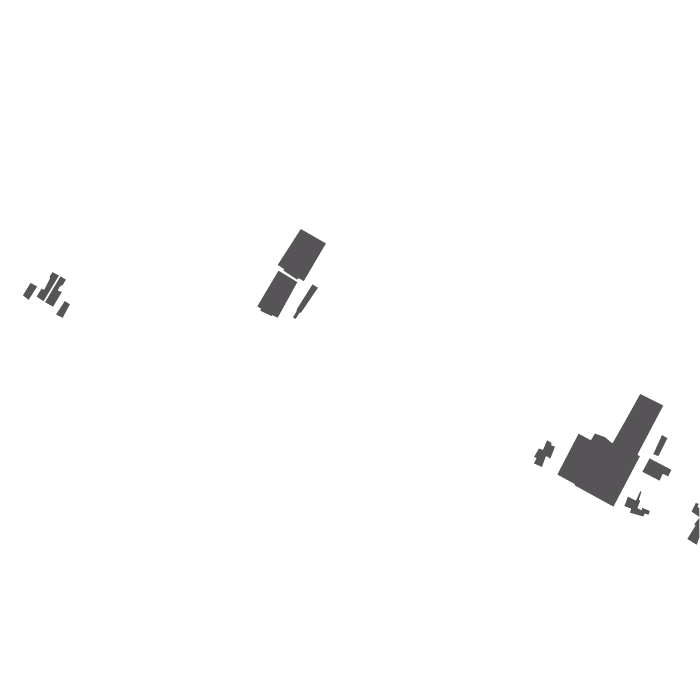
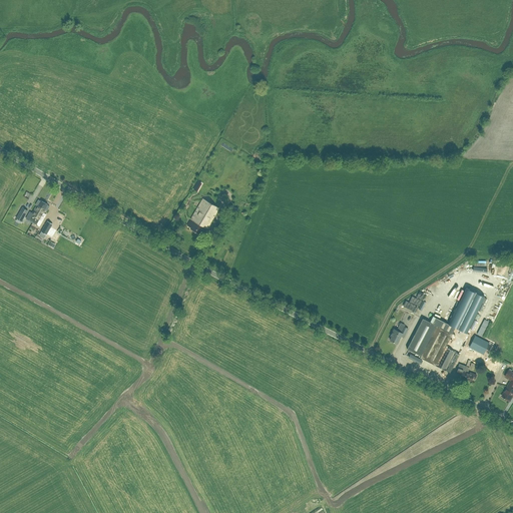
building: [277,228,327,282] -> none

